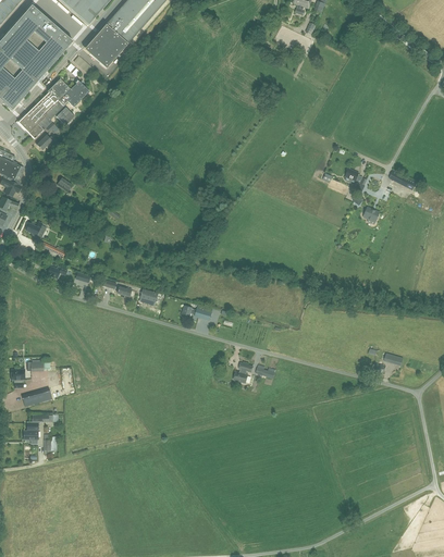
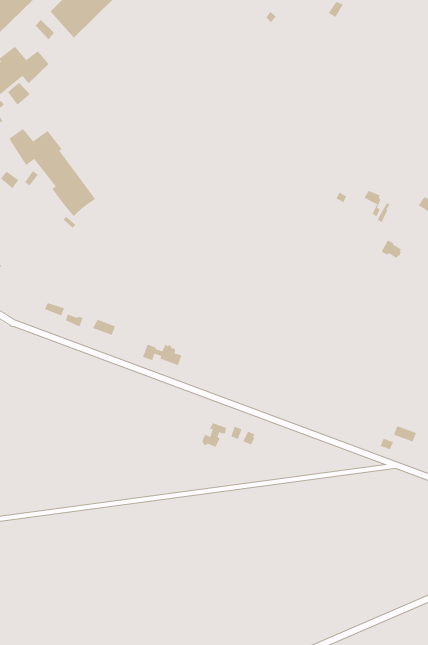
building: none -> [9,128,96,217]

